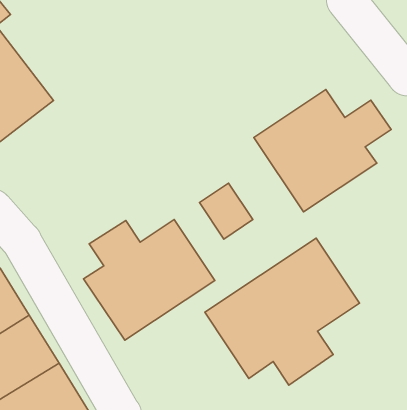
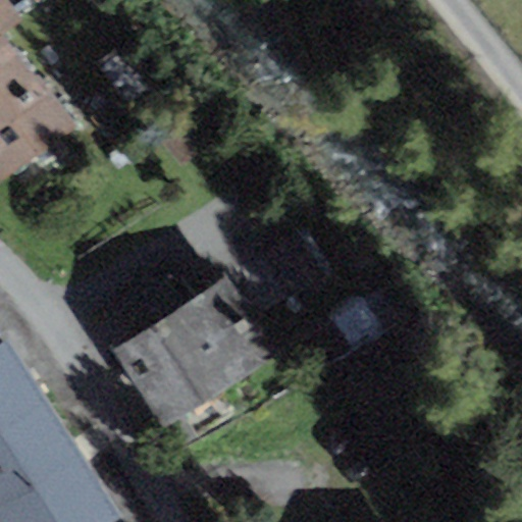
building: [254,89,391,212] -> none
building: [205,238,360,385] -> none

